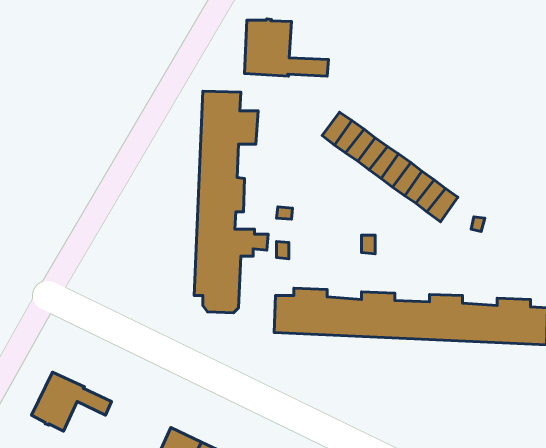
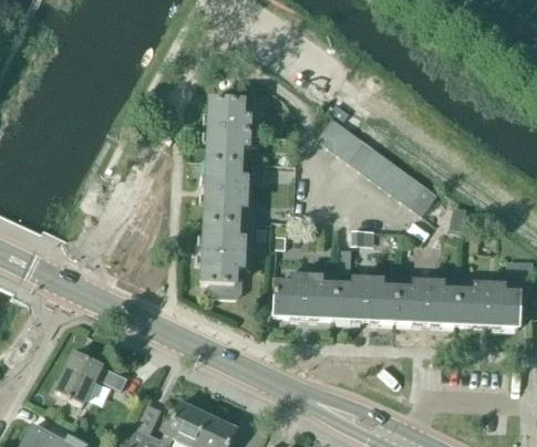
building: [244,19,328,76] -> none

